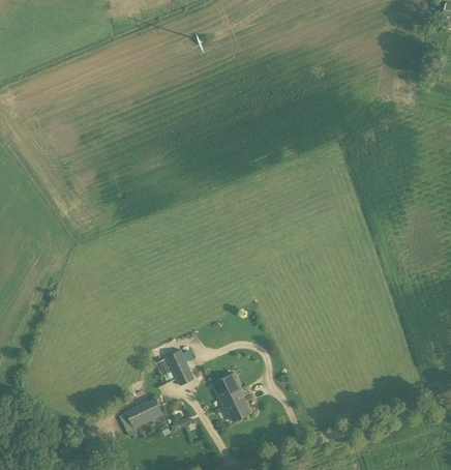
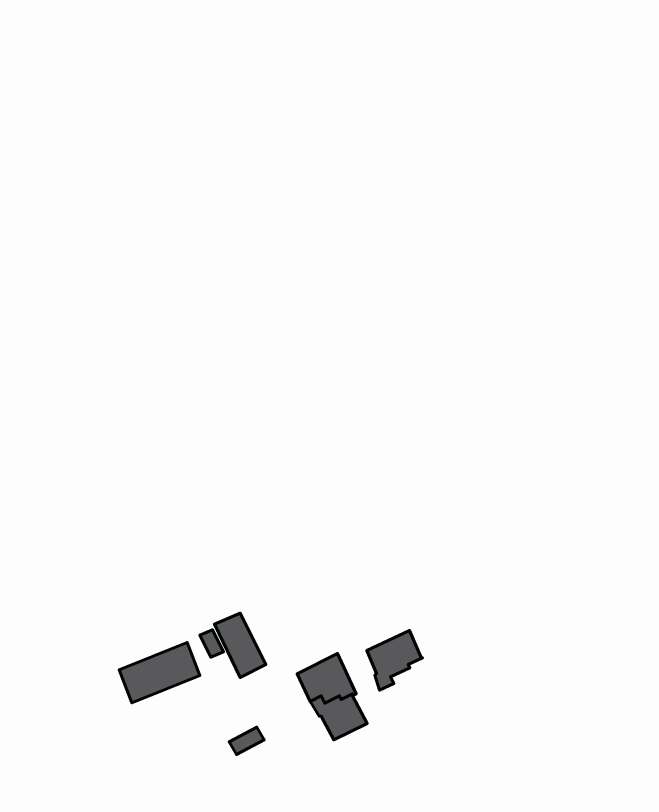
building: none -> [367,631,422,690]
building: [119,396,164,431] -> [119,642,200,703]

